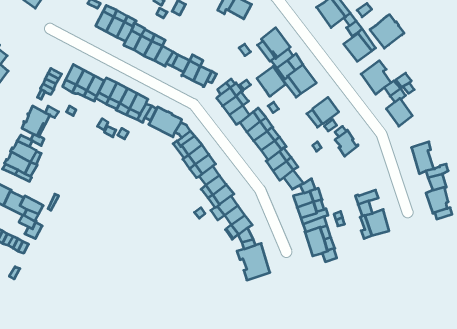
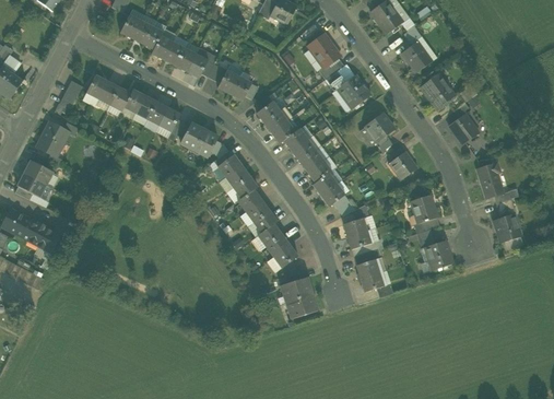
building: [370,15,404,48] -> none
building: [257,66,286,96] -> none
building: none -> [410,193,437,223]

